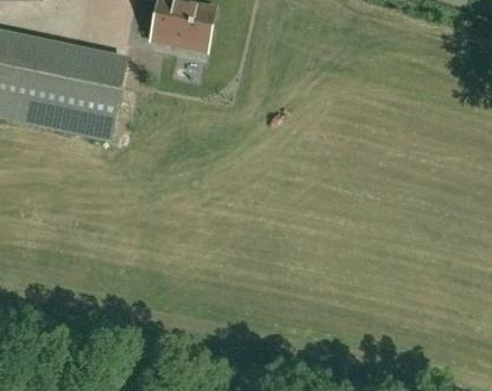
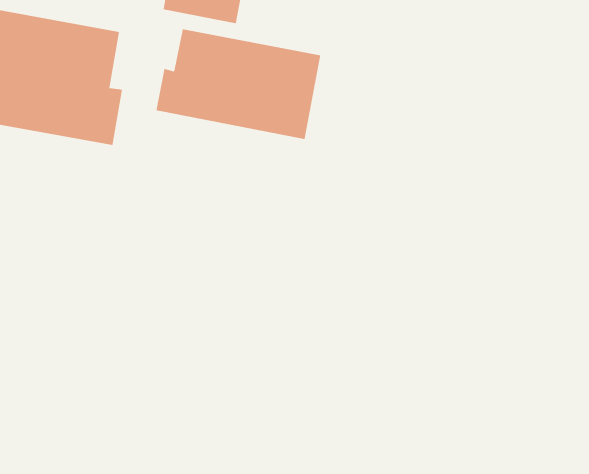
building: none -> [156,28,321,140]

